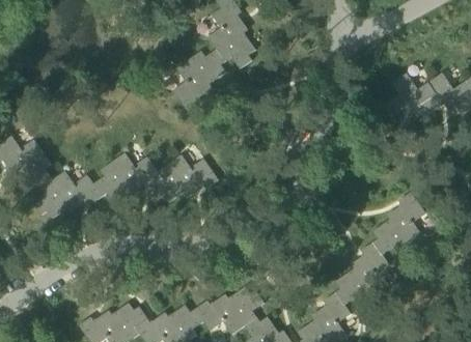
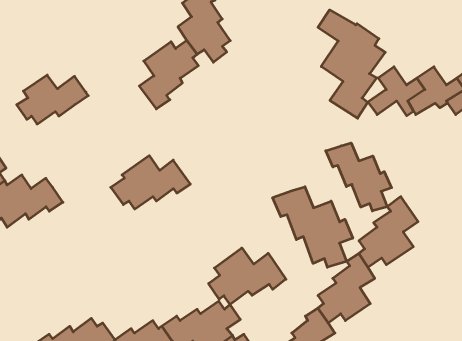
building: none -> [318,10,385,118]
building: none -> [326,143,392,211]
building: [93,156,159,201] -> [17,75,88,124]
building: none -> [273,187,353,267]
building: none -> [209,248,286,305]

